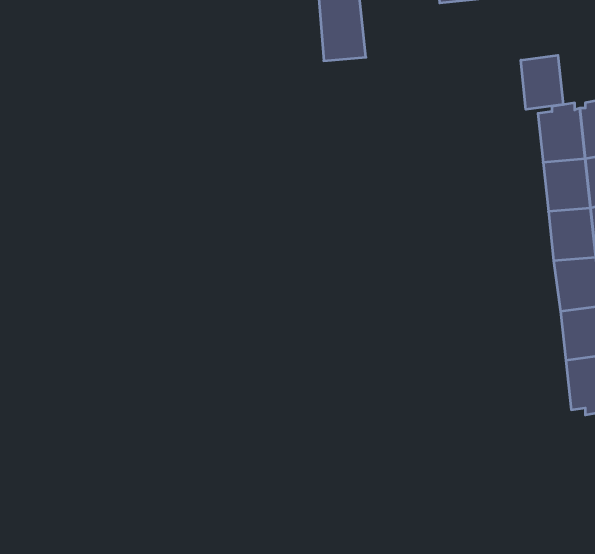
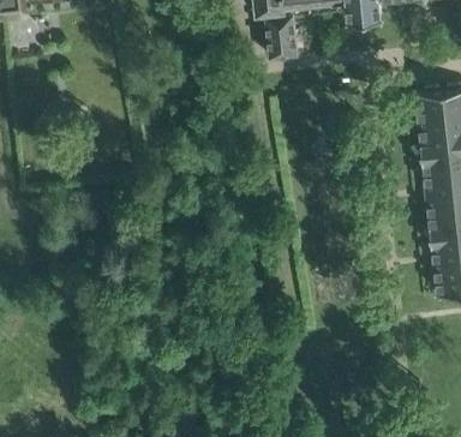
building: [521,55,563,109] -> none

